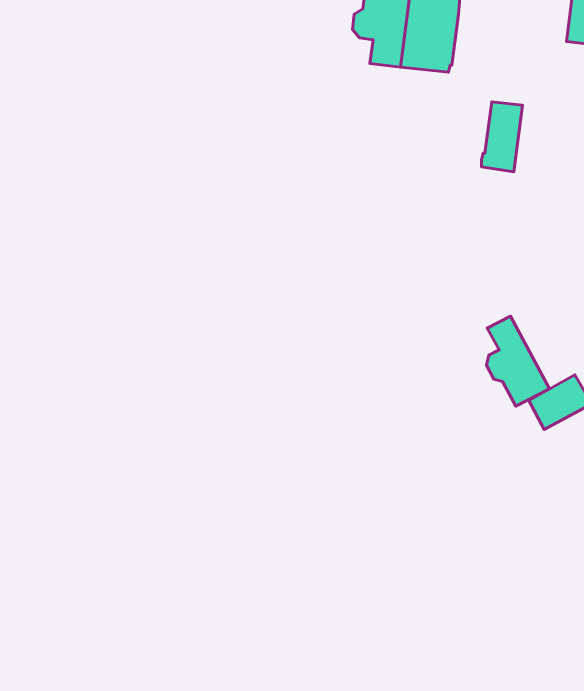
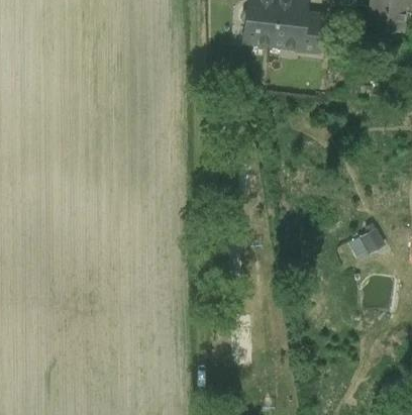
building: [481,102,522,172] -> [299,12,323,54]
building: [486,316,549,406] -> none

